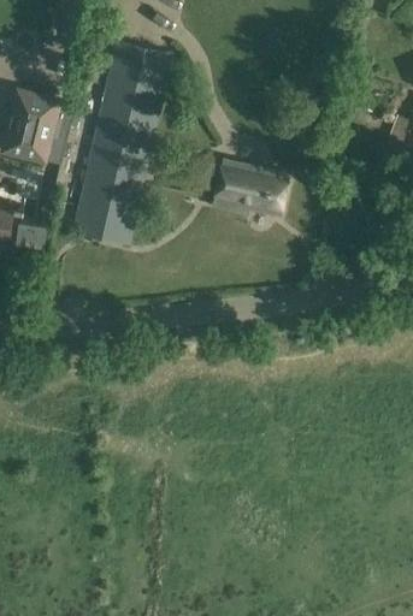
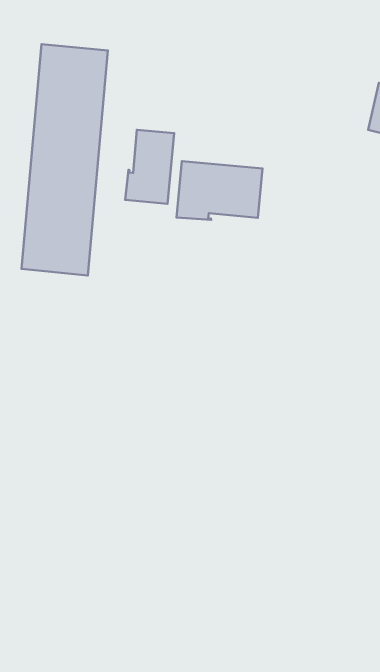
building: none -> [125,130,174,204]

